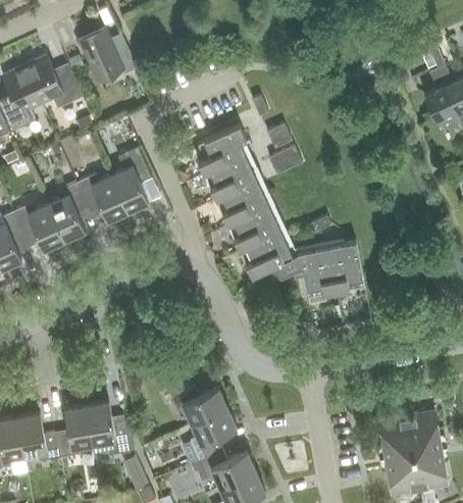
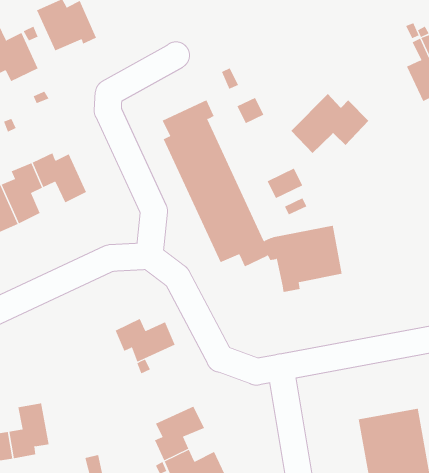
building: none -> [291,93,369,154]
building: [268,146,302,174] -> [267,168,303,199]
building: [111,148,151,211] -> none
building: [170,385,226,425] -> [115,318,175,362]
building: [86,402,130,454] -> none

